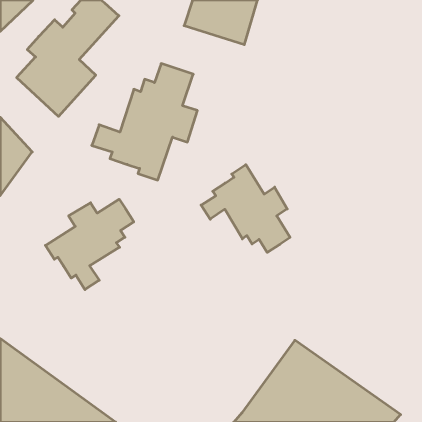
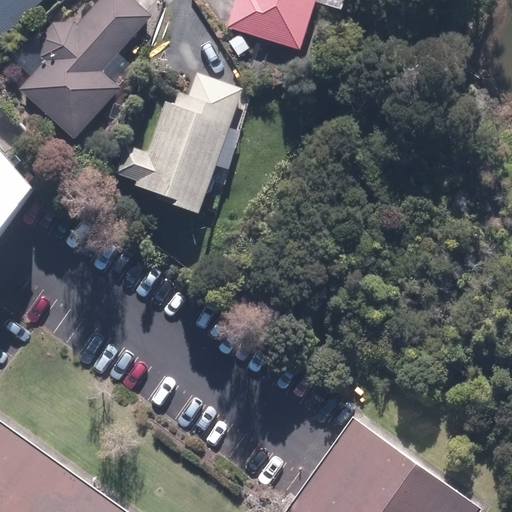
building: [201,165,290,252] -> none
building: [45,199,134,290] -> none

